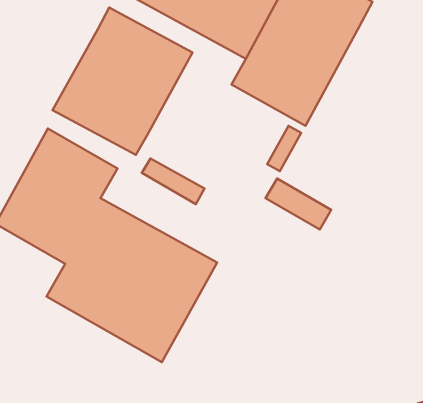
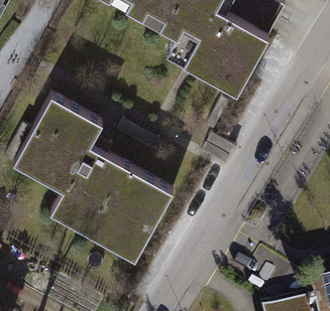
building: [53,8,193,155] -> none

